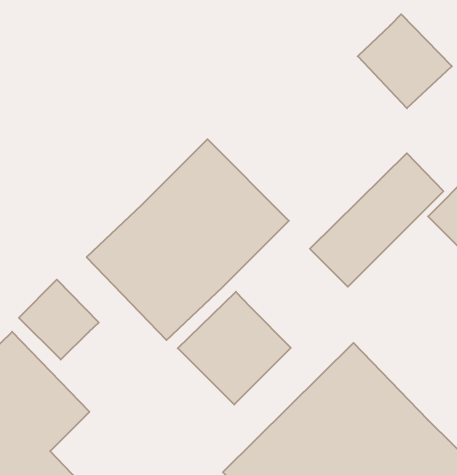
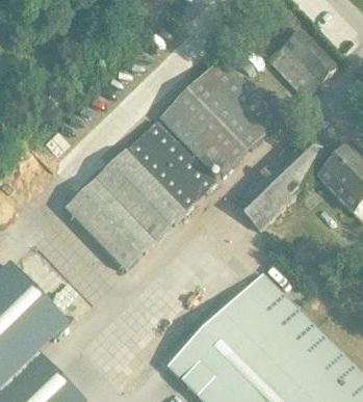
building: none -> [159,57,280,173]
building: [19,280,99,360] -> none
building: [178,292,291,405] -> none

